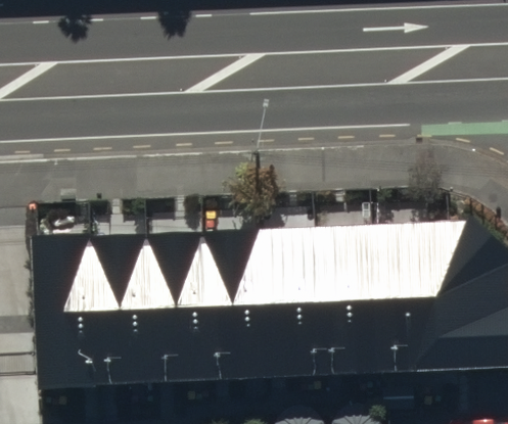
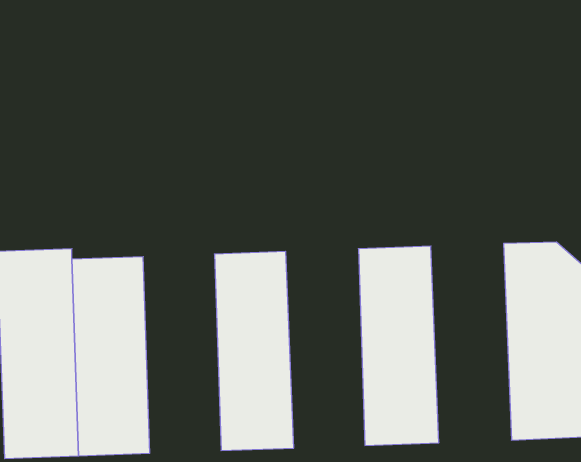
building: [377,225,440,379] -> none
building: [265,229,326,383] -> none
building: [154,233,215,387] -> none

